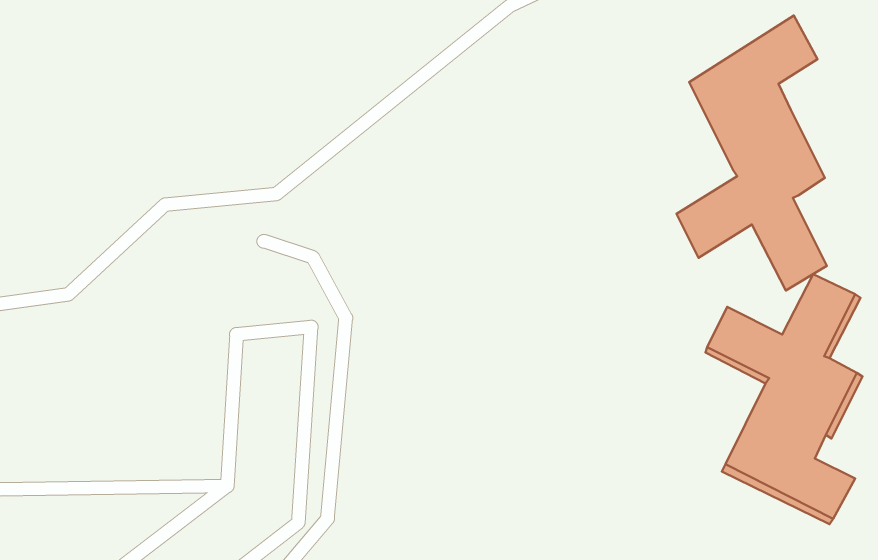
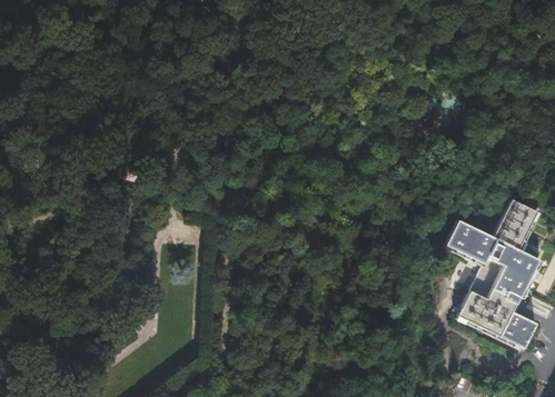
building: [677,15,827,290] -> none

